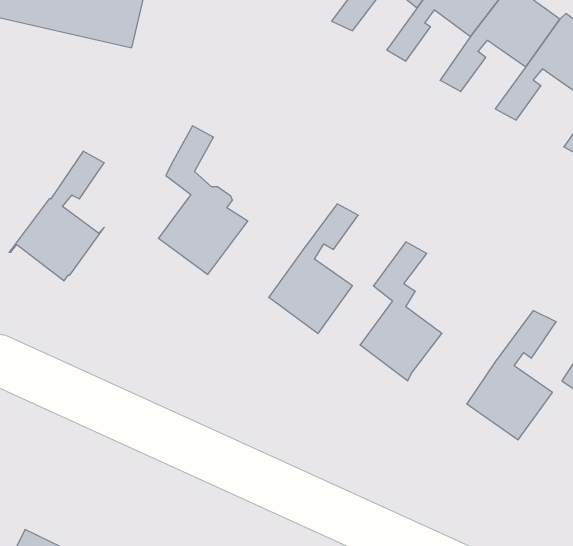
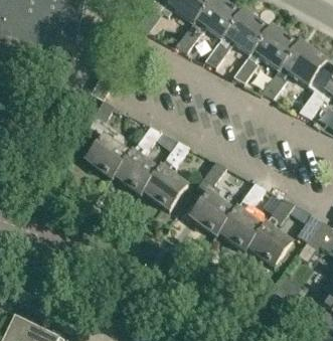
building: [9,151,104,281] -> [111,125,161,193]
building: none -> [218,182,265,249]

